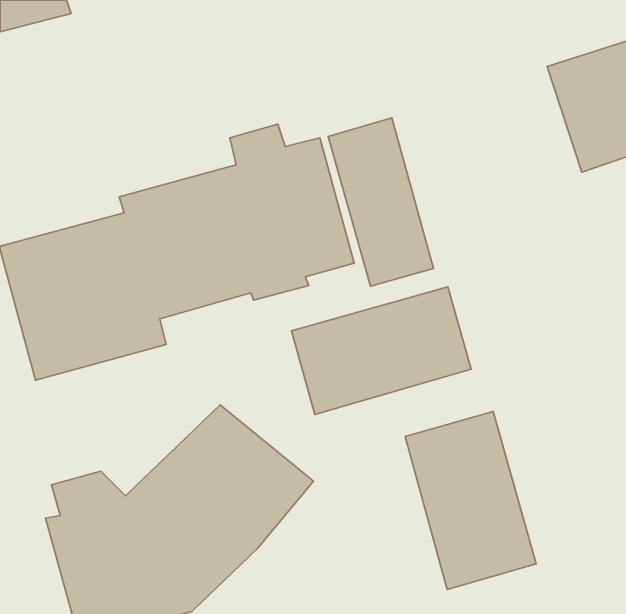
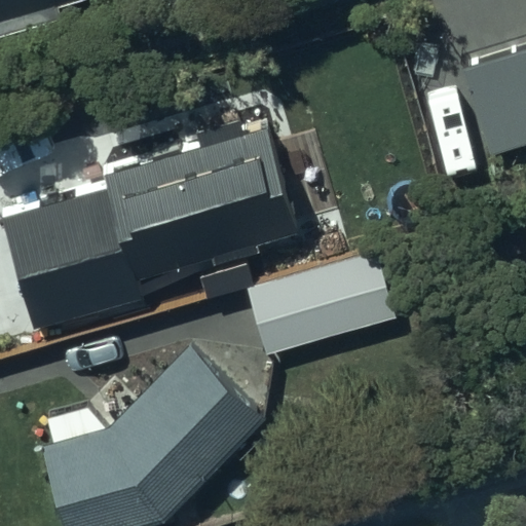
building: [328,118,433,286] -> none
building: [405,411,536,589] -> none

